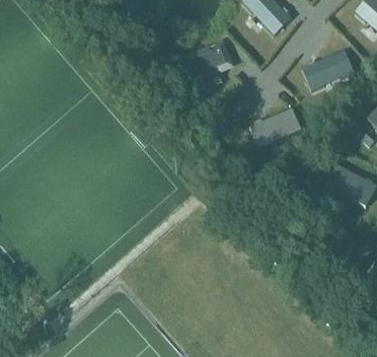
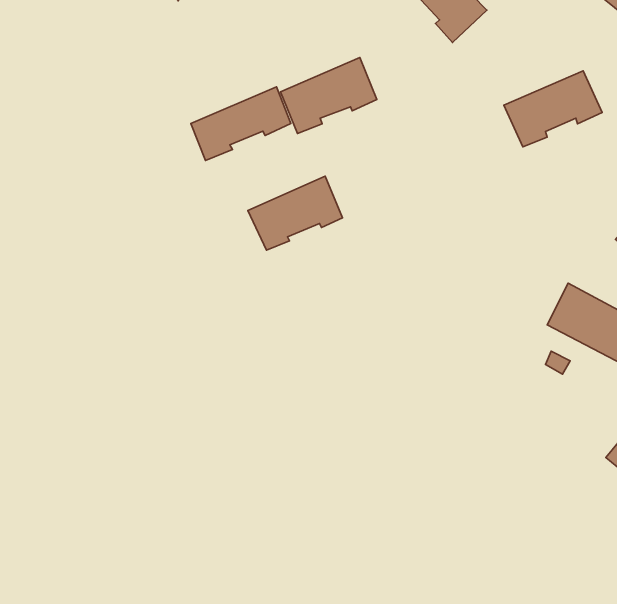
building: none -> [191,87,291,160]
building: [249,109,300,148] -> [248,176,342,250]

